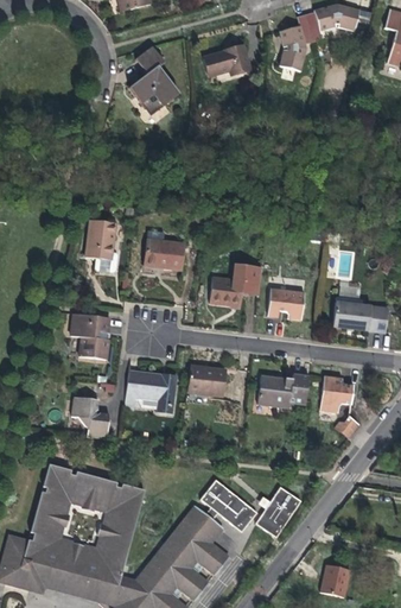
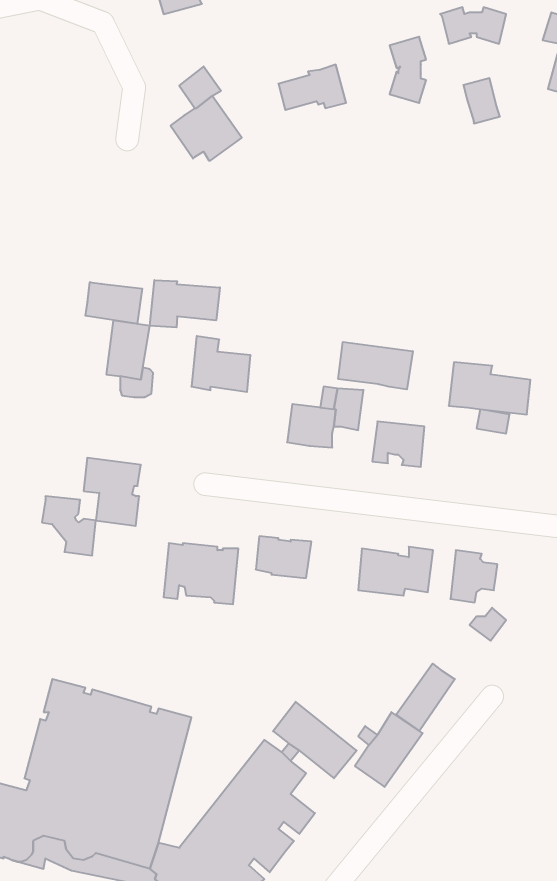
building: [297,12,322,43] -> [463,78,500,123]
building: none -> [150,280,220,327]
building: none -> [85,282,142,324]
building: none -> [338,342,413,389]
building: [332,297,388,332] -> [449,362,530,414]
building: [71,398,108,438] -> [42,496,96,555]
building: none -> [396,664,455,731]
building: [319,565,349,597] -> none

